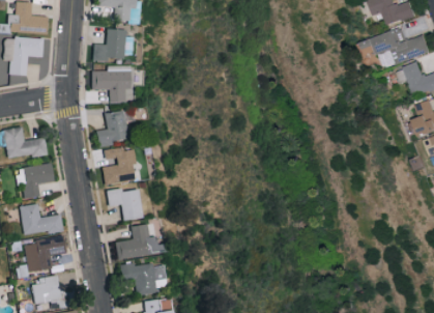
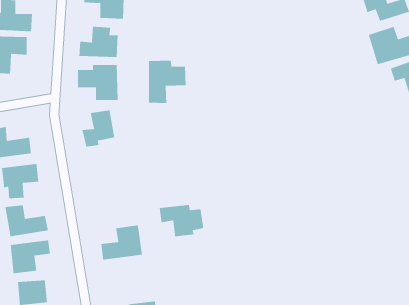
building: none -> [148,60,186,104]
building: [102,146,134,184] -> none
building: [106,188,140,220] -> none
building: [118,262,163,294] -> [159,204,204,237]

